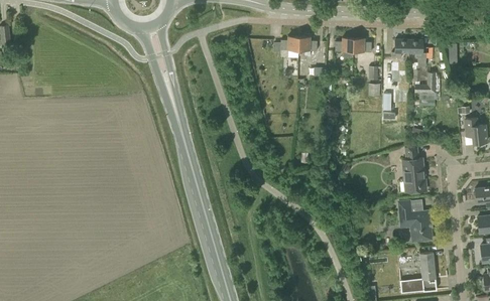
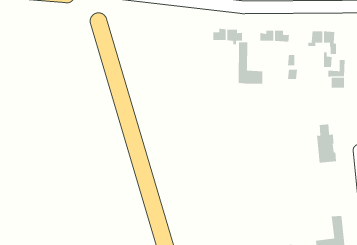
building: none -> [238,42,263,84]
building: [399,201,432,242] -> none

